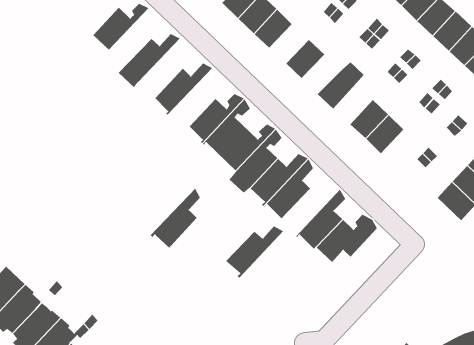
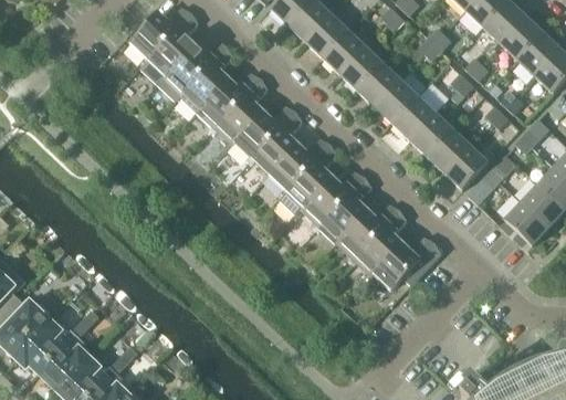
building: none -> [139,12,198,83]
building: none -> [322,30,365,73]
building: none -> [179,45,232,110]
building: none -> [357,63,399,106]
building: none -> [391,81,448,139]
building: none -> [443,145,488,189]
building: [150,187,201,248] -> [211,77,266,144]
building: [225,226,284,278] -> [335,203,399,261]

